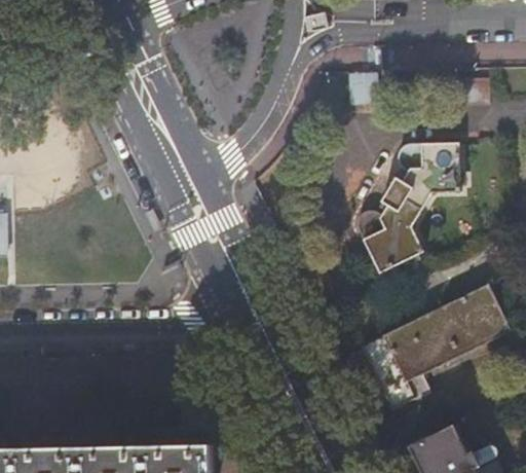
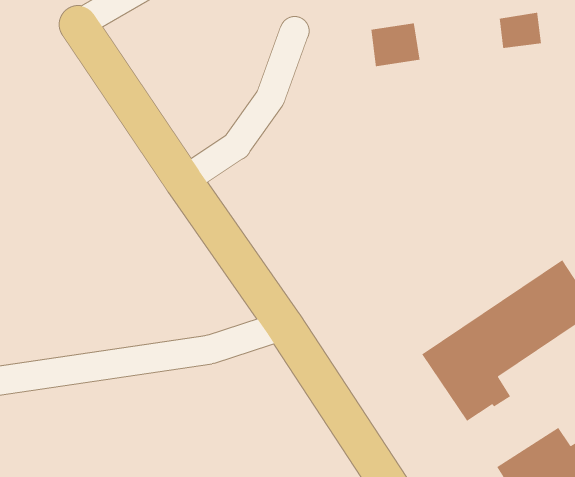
building: [355,143,457,272] -> none

